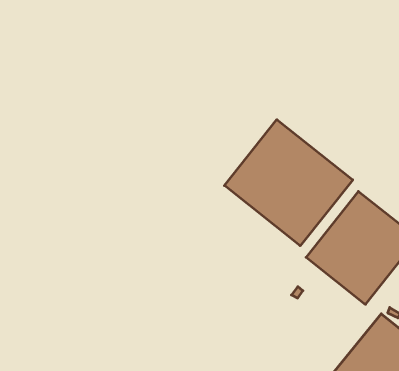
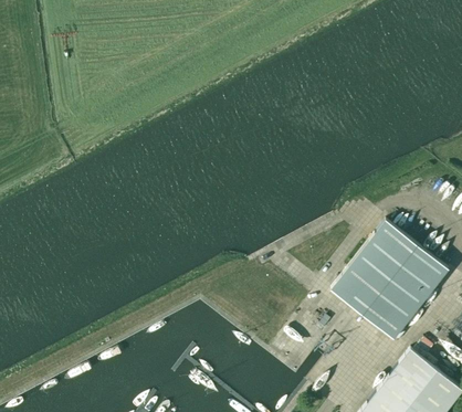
building: [224,120,353,246] -> none

